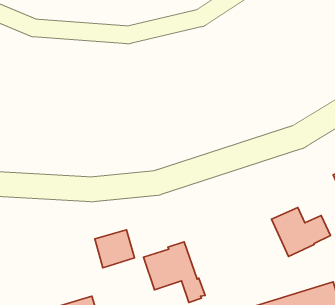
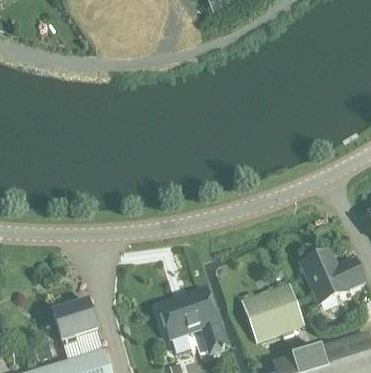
building: [95,230,135,268] -> [53,300,97,342]
building: none -> [241,283,304,341]

